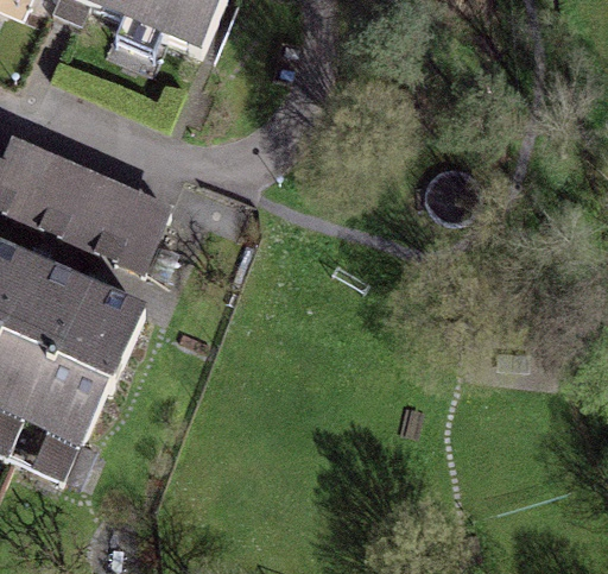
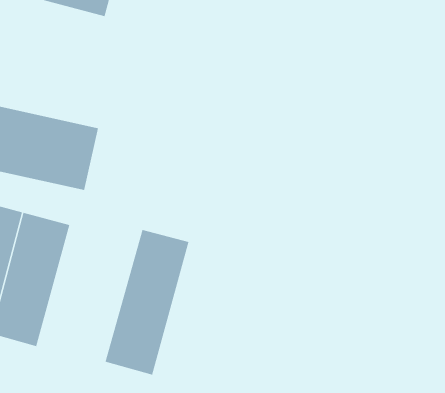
building: none -> [105,229,189,375]

